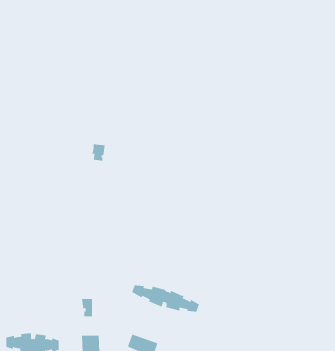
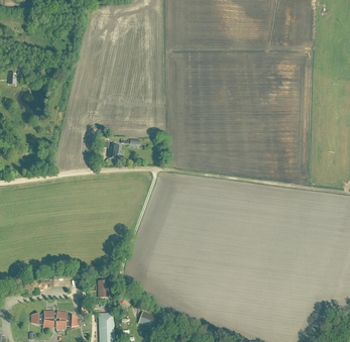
building: [132,285,201,313] -> none

